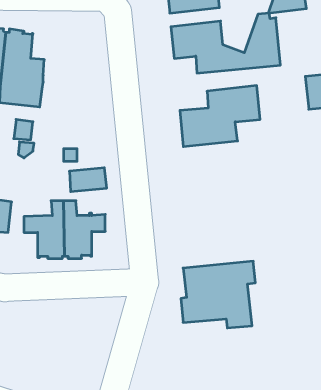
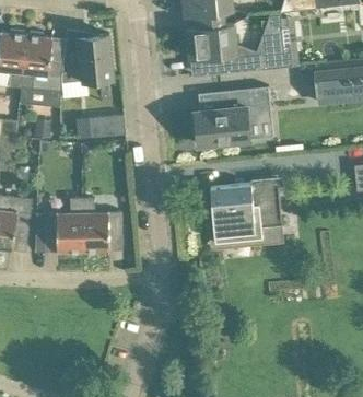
building: none -> [61,33,113,82]
building: [69,168,107,192] -> [89,114,125,137]
building: [181,261,255,328] -> [207,180,279,245]

